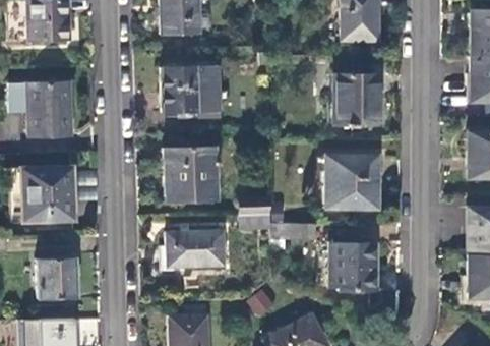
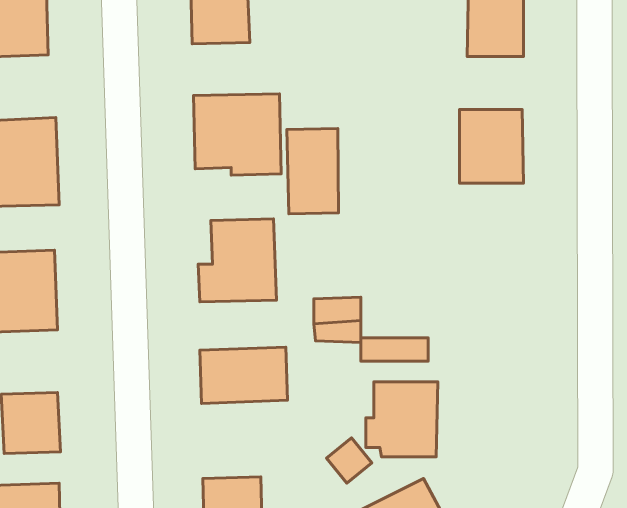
building: none -> [287,129,338,214]
building: [324,156,376,209] -> none
building: [329,242,376,291] -> [366,382,438,457]

